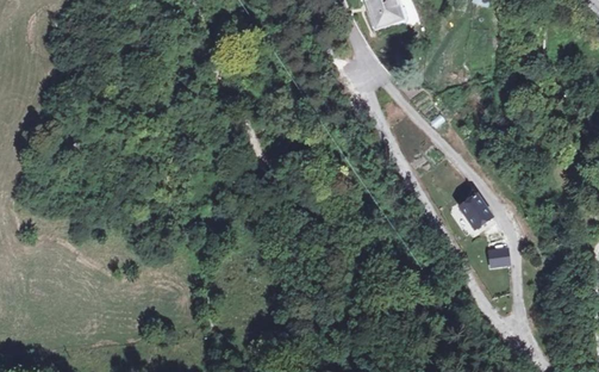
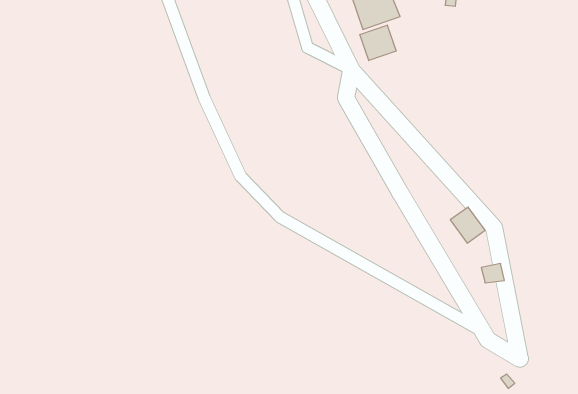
building: none -> [360,25,396,61]

